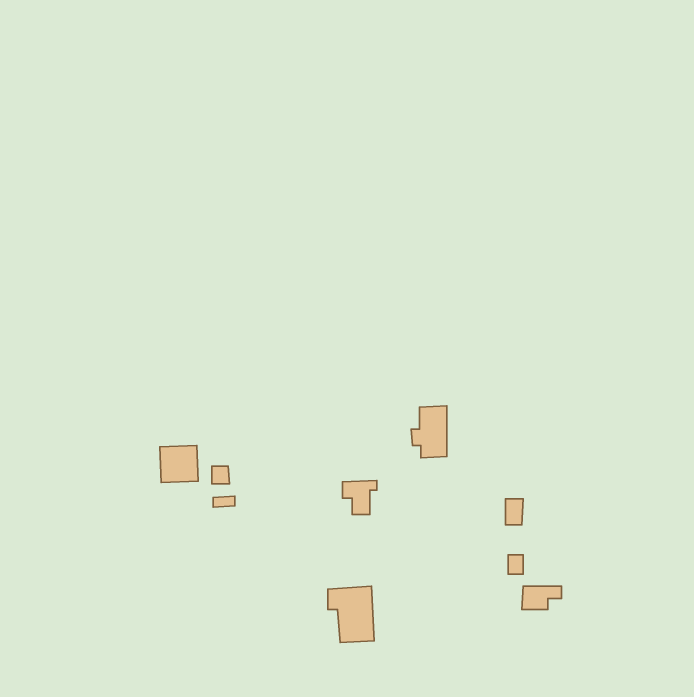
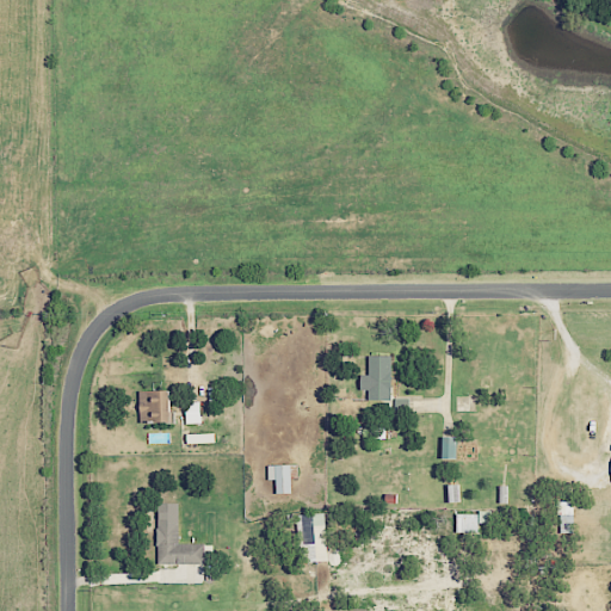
building: [343,480,377,515] -> [267,464,297,494]
building: none -> [156,504,204,564]

